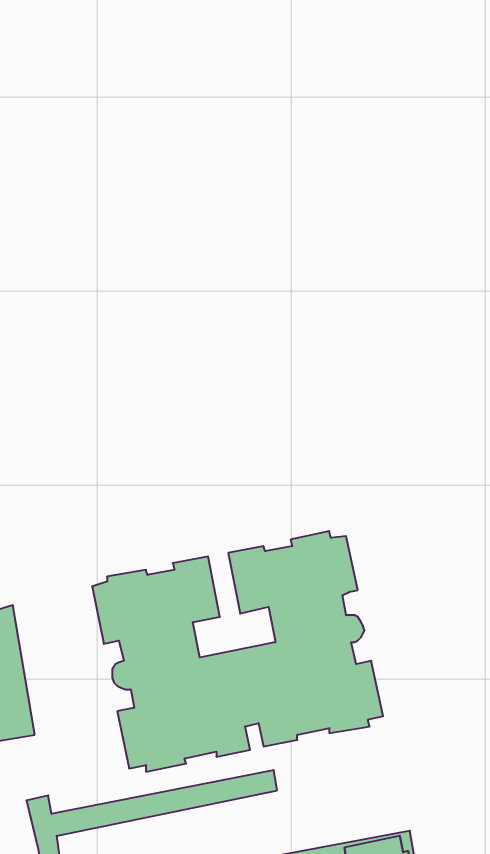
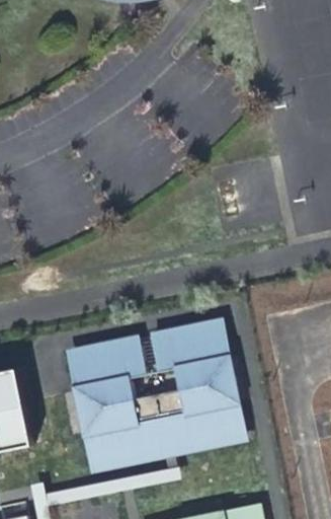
building: none -> [64,318,247,473]

